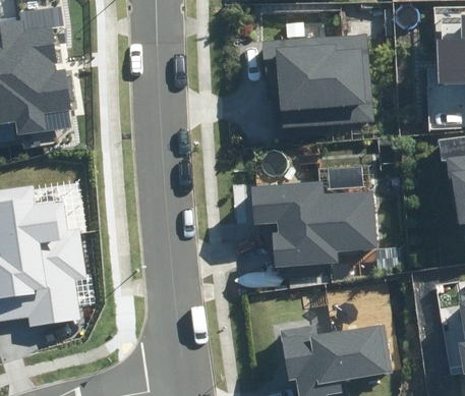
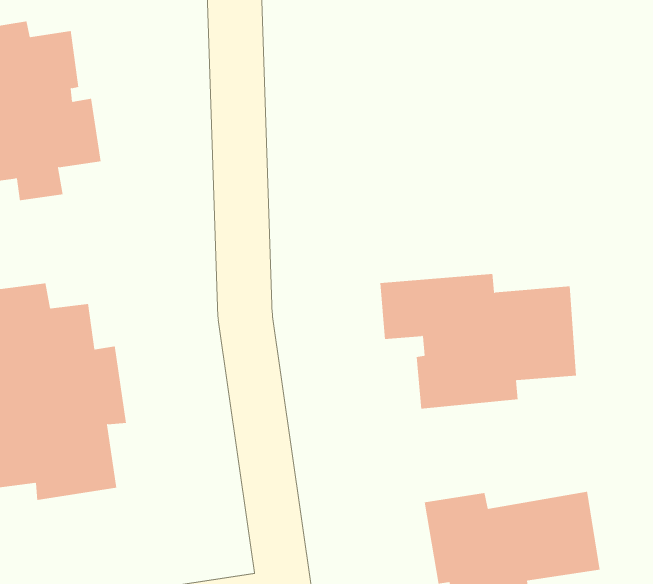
building: [264,33,375,129] -> none

